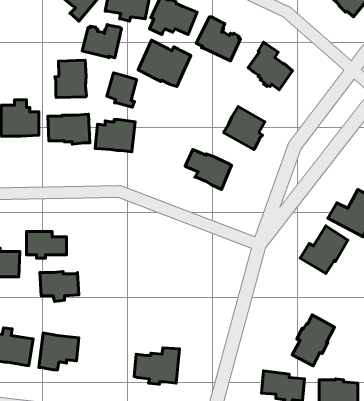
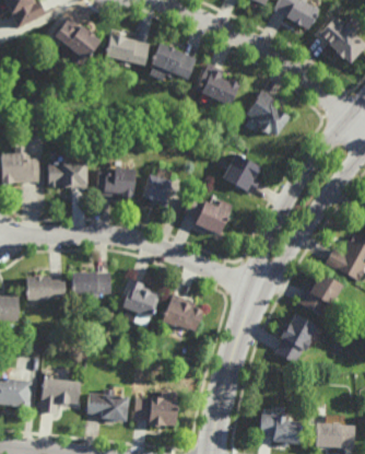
building: [82,25,121,58] -> none
building: [138,40,191,86] -> none
building: [55,60,86,97] -> none
building: [107,73,137,107] -> [141,172,170,206]
building: none -> [121,278,161,327]
building: none -> [162,293,203,330]
building: [40,272,79,301] -> [73,270,111,300]
building: [292,315,334,366] -> [275,313,317,363]
building: none -> [86,388,128,421]

